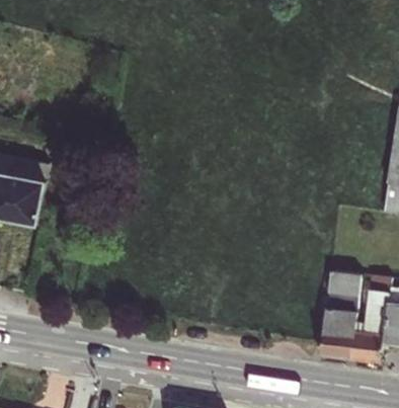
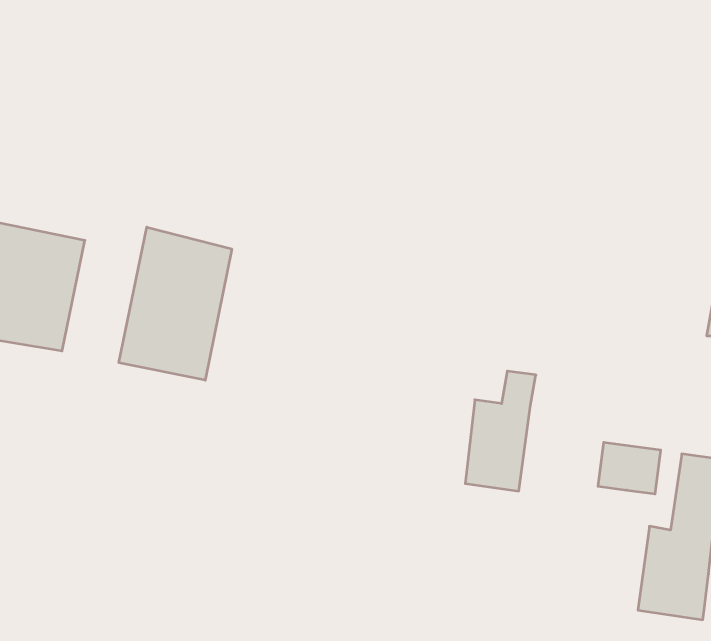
building: none -> [119,227,232,380]
building: [318,291,355,354] -> [465,371,536,491]

